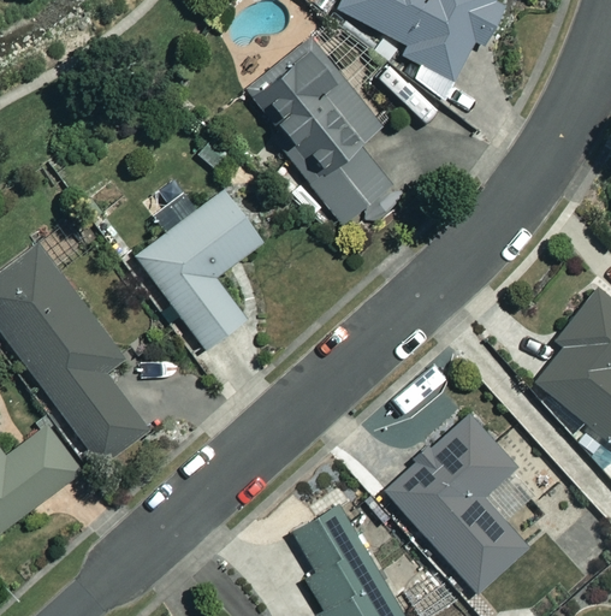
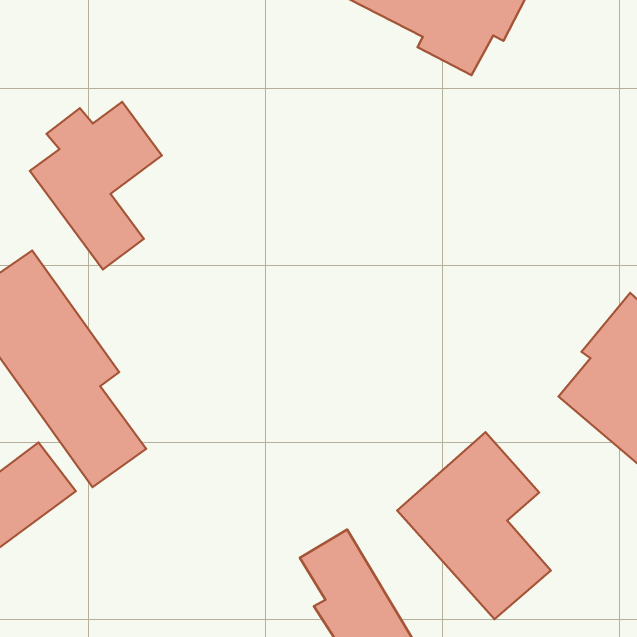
building: [251,40,390,223] -> none
building: [137,191,261,349] -> [30,102,162,269]

